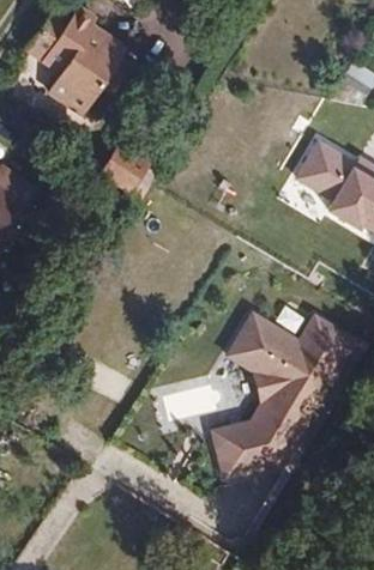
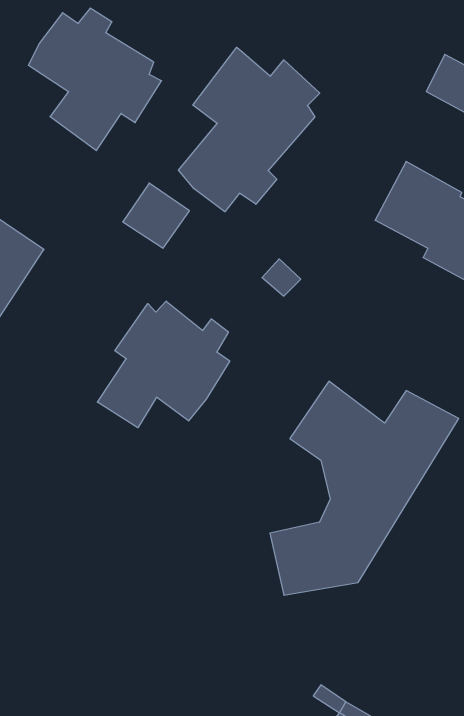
building: none -> [178,47,320,212]
building: none -> [97,301,230,428]

